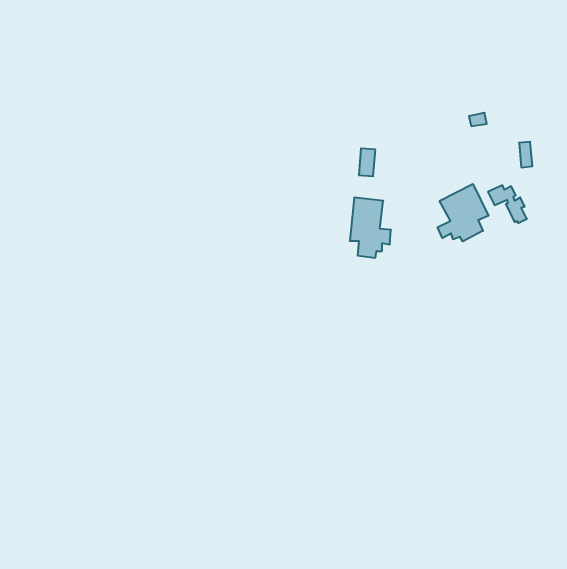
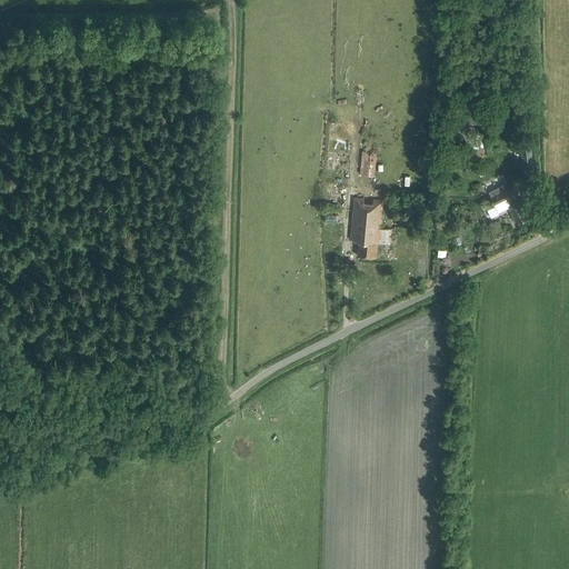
building: [438,184,489,241] -> none

